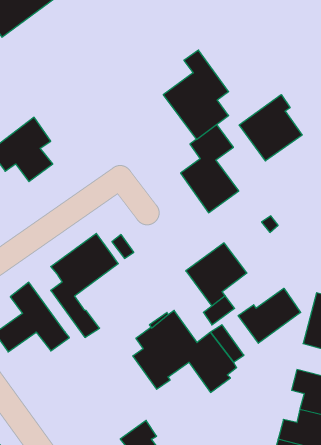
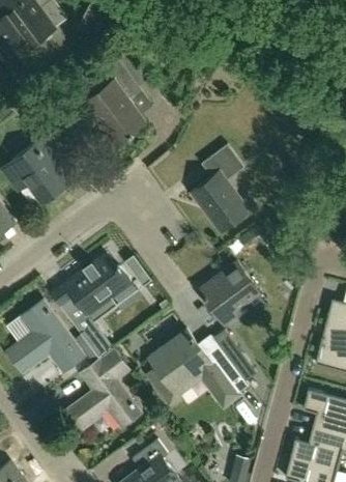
building: [163,50,229,139] -> [83,58,148,147]
building: [239,95,302,161] -> none
building: [238,288,301,343] -> none
building: none -> [67,348,140,429]

